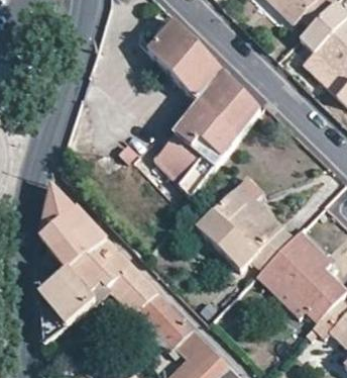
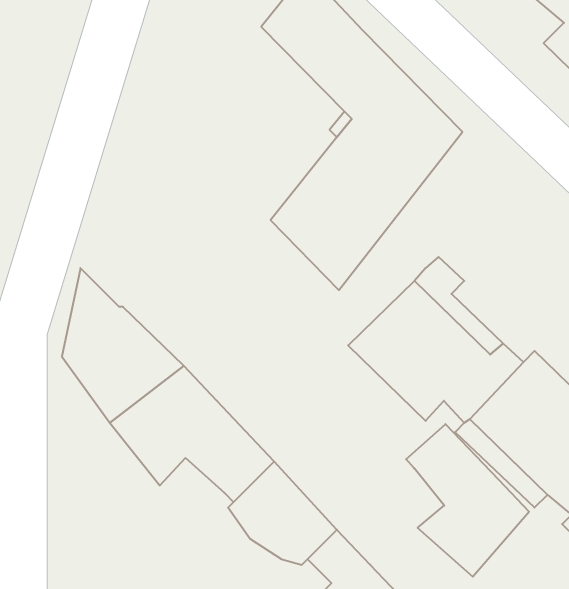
building: [39,270,93,343] -> none
building: none -> [406,424,529,577]

